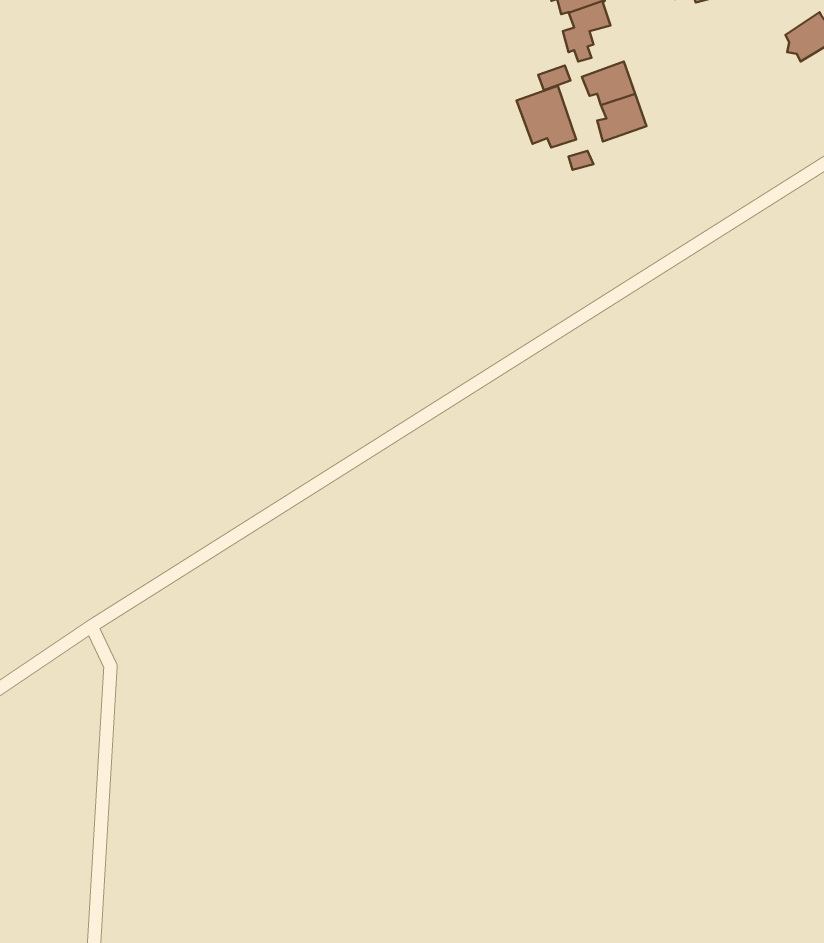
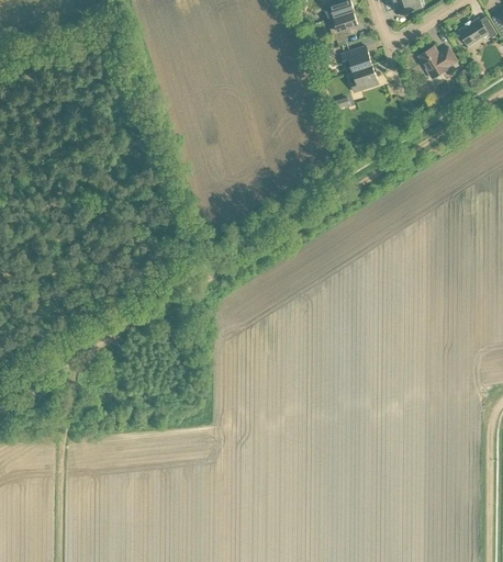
building: none -> [417,45,457,78]
building: [516,86,576,147] -> none

